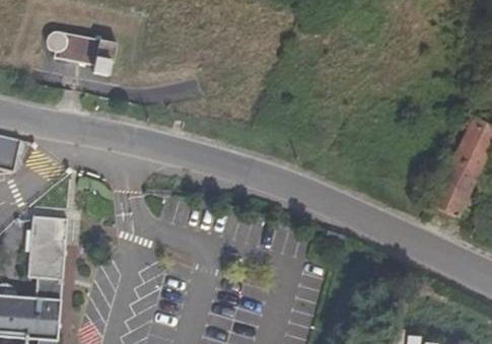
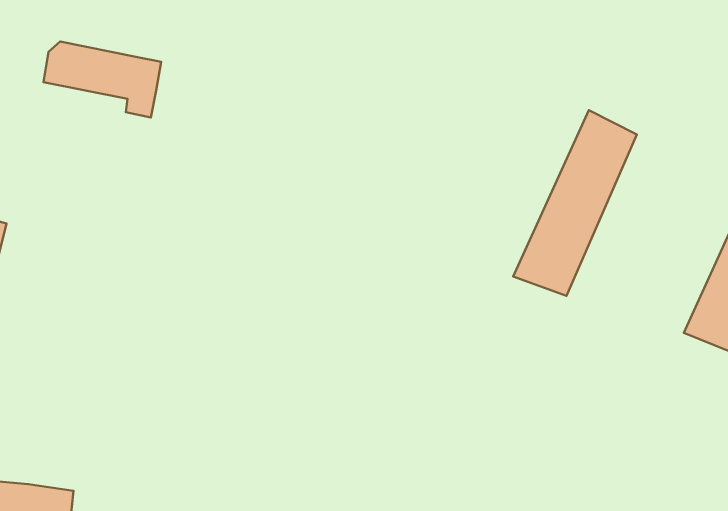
building: none -> [513,110,637,296]
building: [28,217,67,281] -> none

